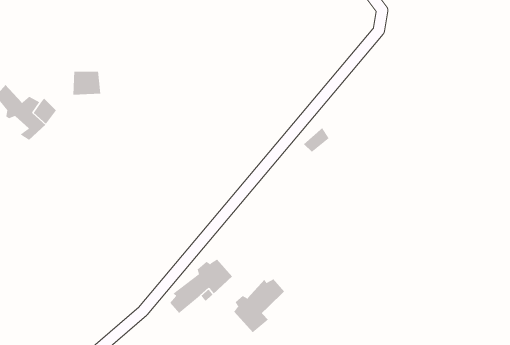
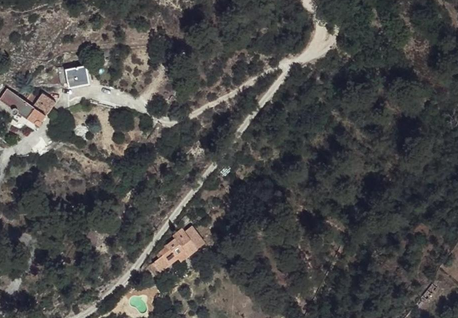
building: [233,279,285,333] -> none

